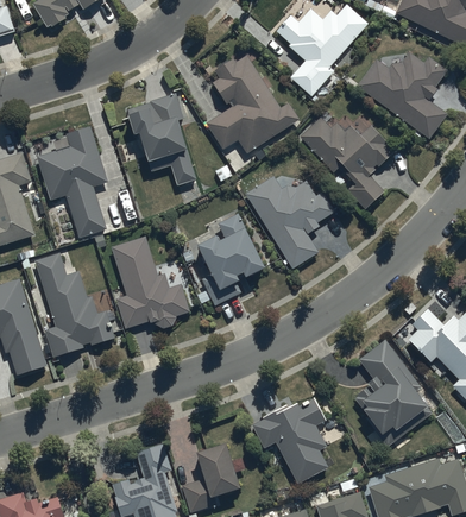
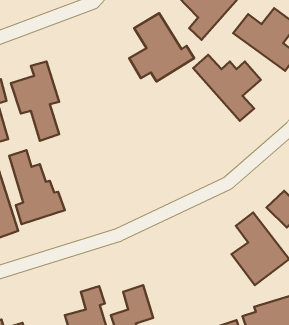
building: [128,96,199,185] -> none
building: [244,175,335,269] -> none
building: [196,212,265,305] -> none
building: [111,237,188,330] -> none
building: [251,393,328,483] -> none

